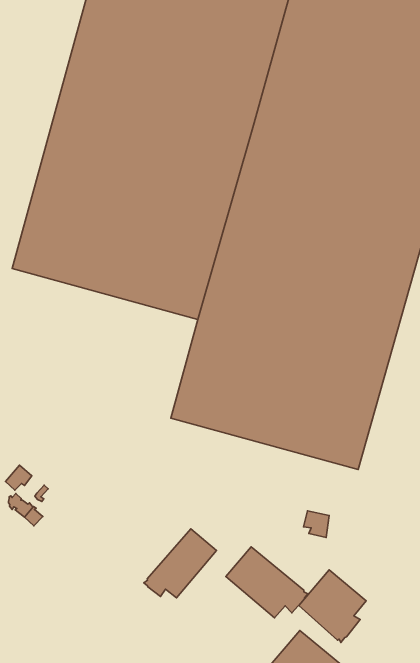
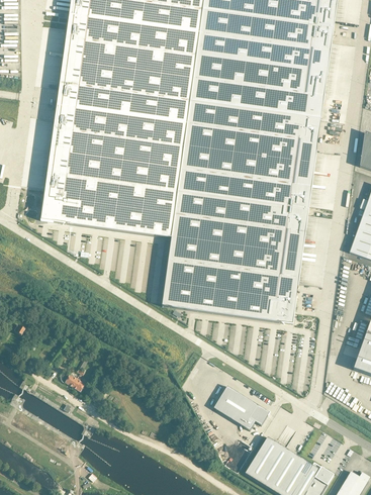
building: [144,529,216,598] -> none
building: [299,570,366,643] -> none

